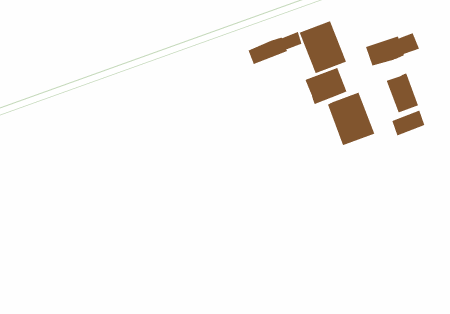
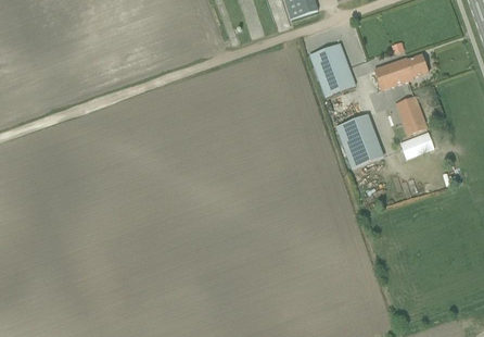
building: [248,31,302,65] -> none
building: [305,67,347,105] -> none

